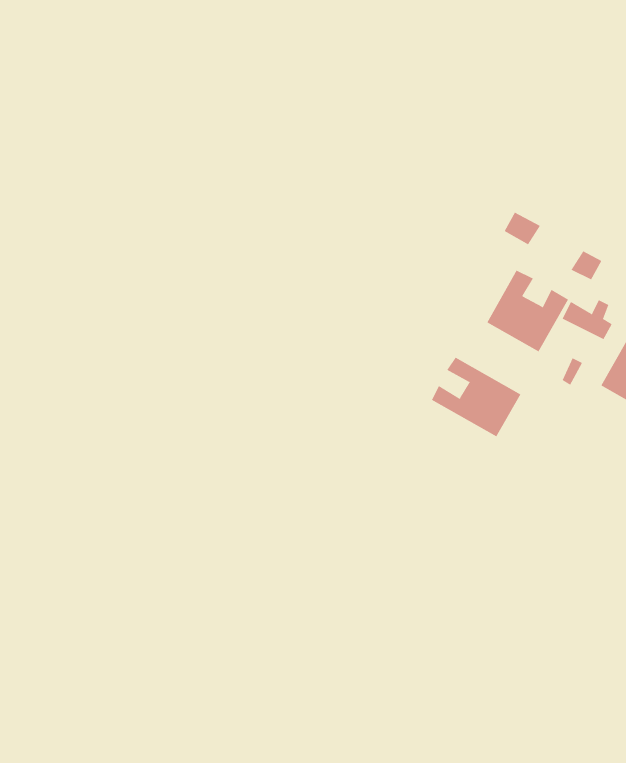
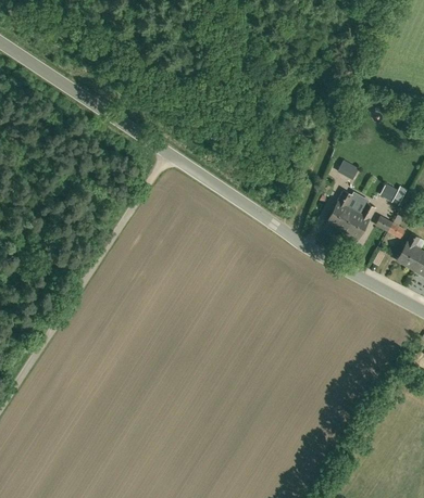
building: [431,357,521,437] -> none

